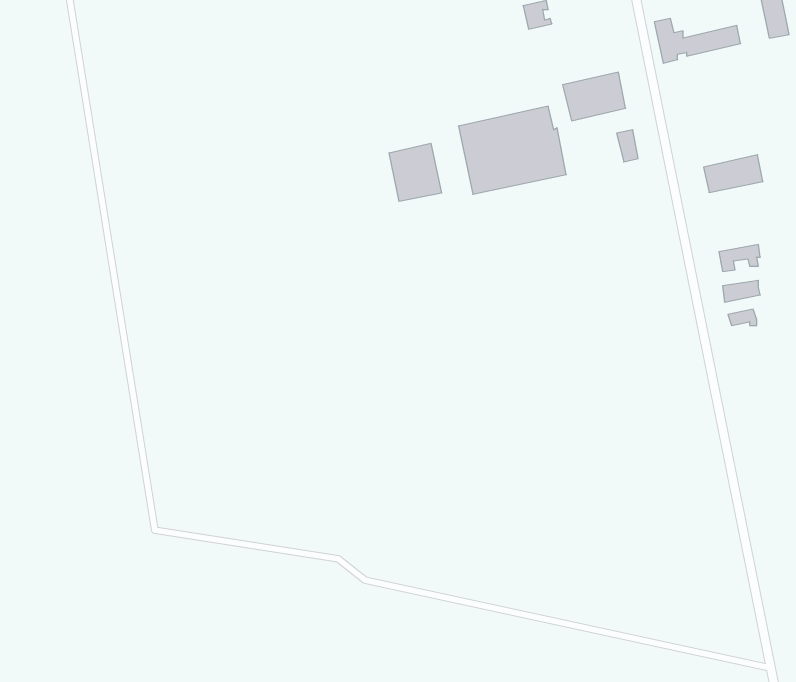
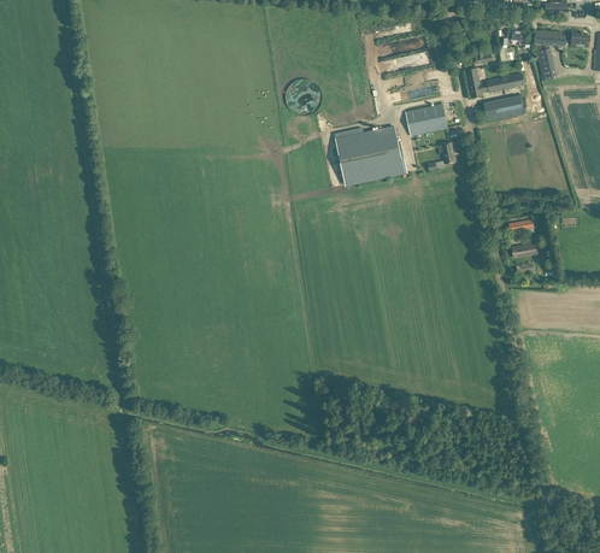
building: [389,143,441,201] -> none
building: [704,155,763,192] -> [483,94,523,119]

